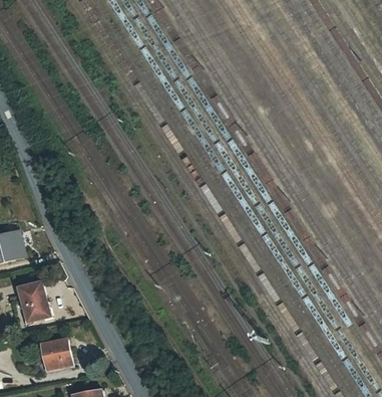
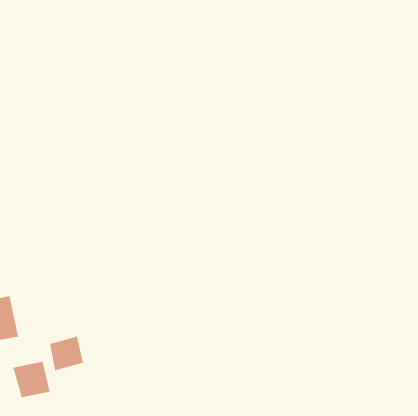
building: none -> [49,336,84,371]

